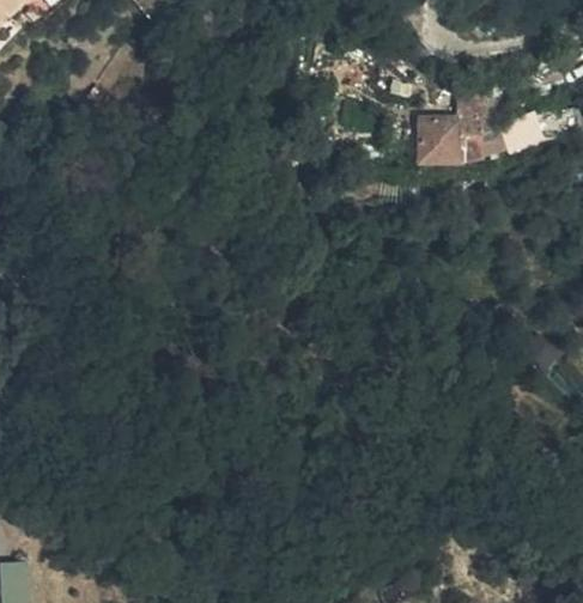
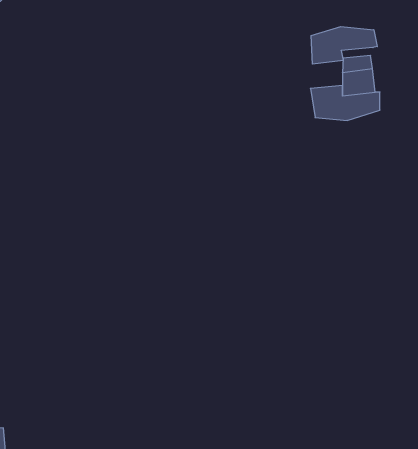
building: none -> [311,27,377,64]

